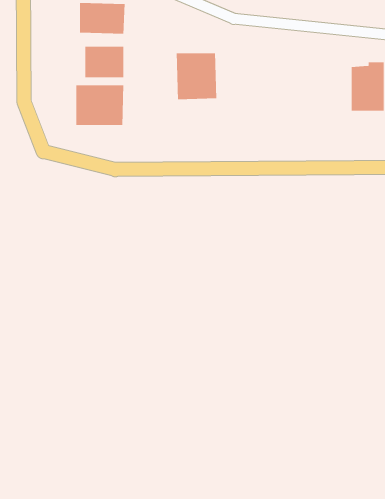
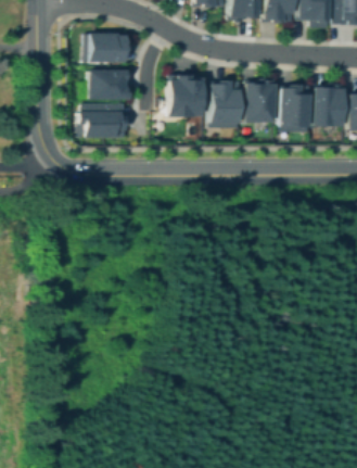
building: none -> [246,81,276,123]
building: none -> [213,84,240,124]
building: none -> [281,85,311,130]

